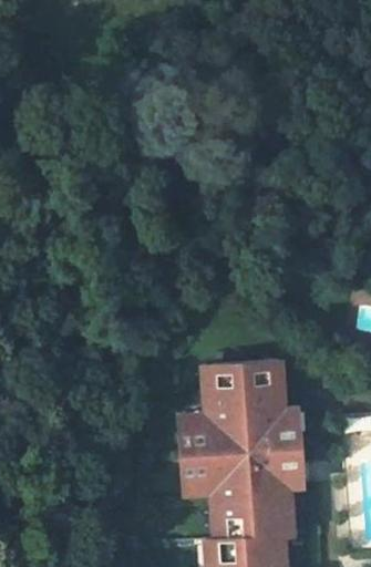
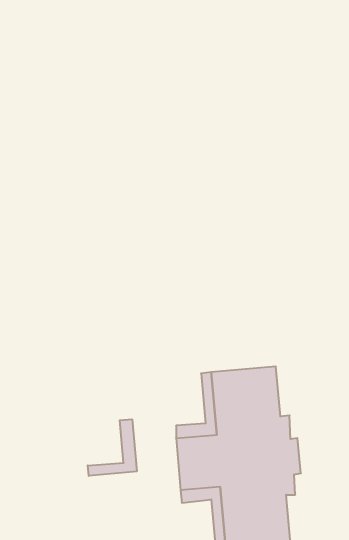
building: none -> [88,419,137,476]

